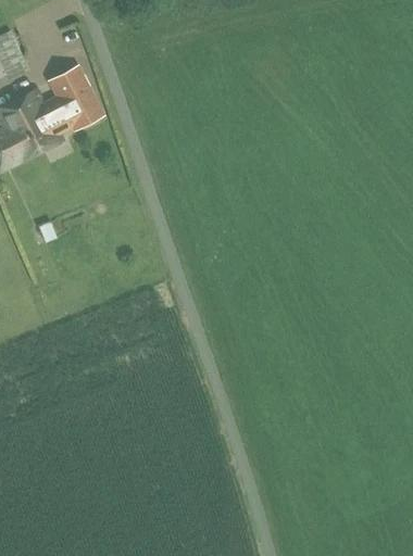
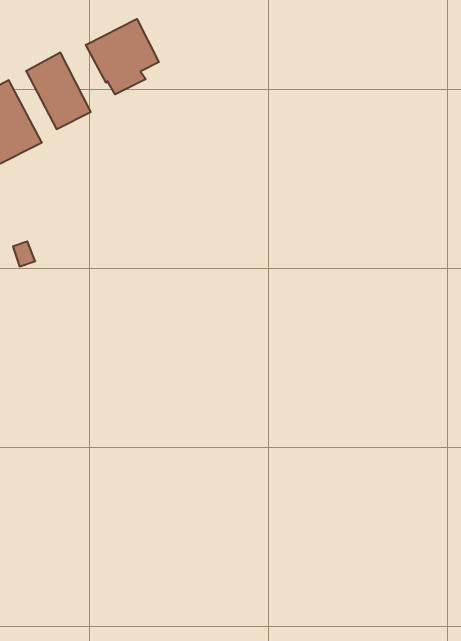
building: none -> [86,19,159,94]

